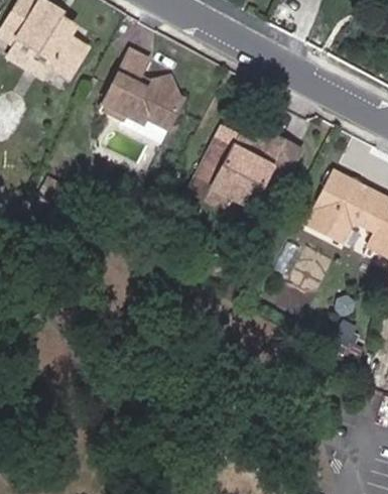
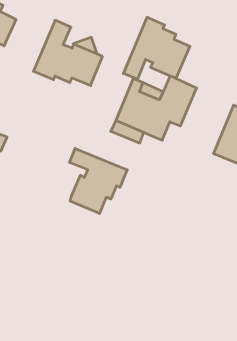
building: none -> [123,17,190,79]
building: none -> [70,148,127,214]

